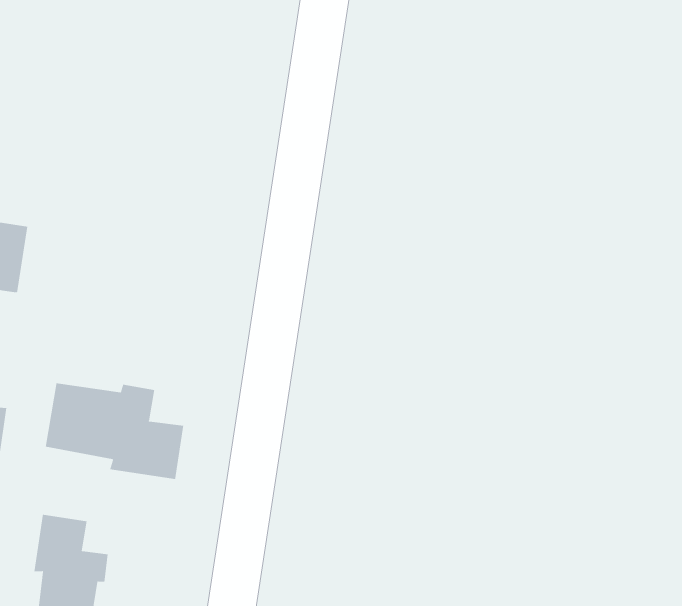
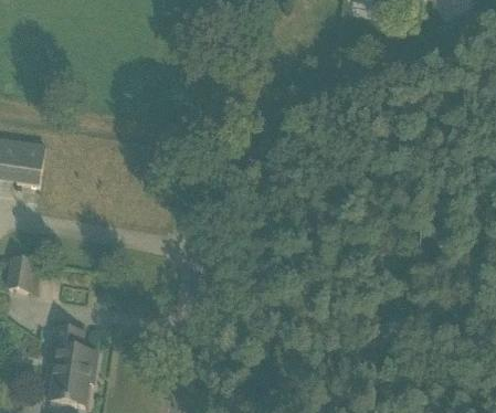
building: [45,382,184,480] -> none

